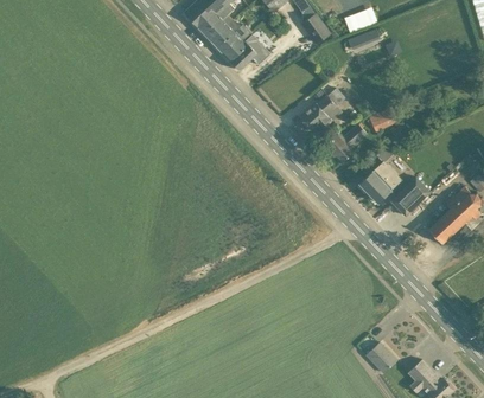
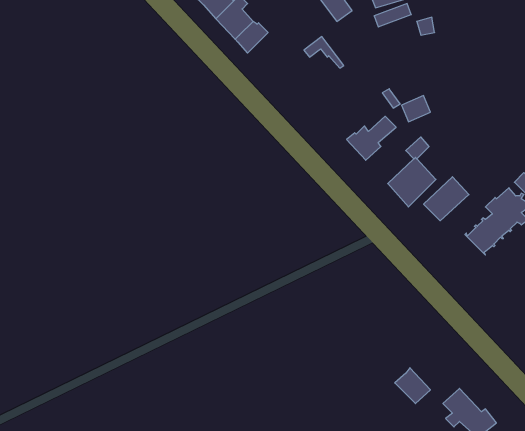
building: [300,88,345,130] -> none

